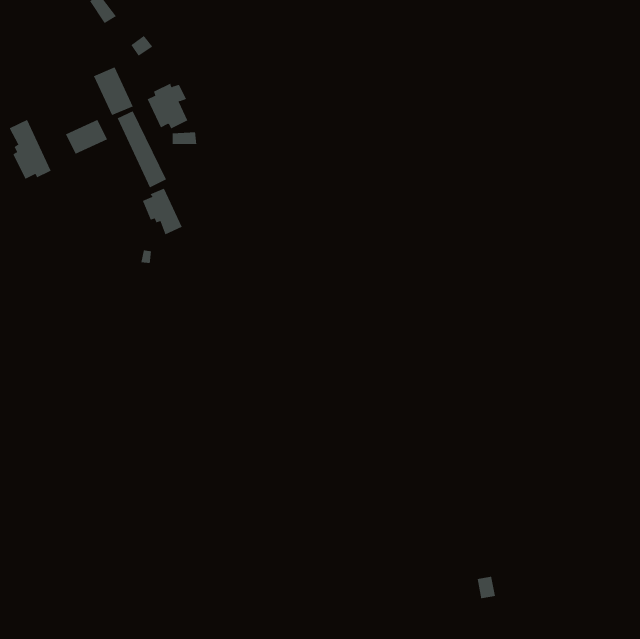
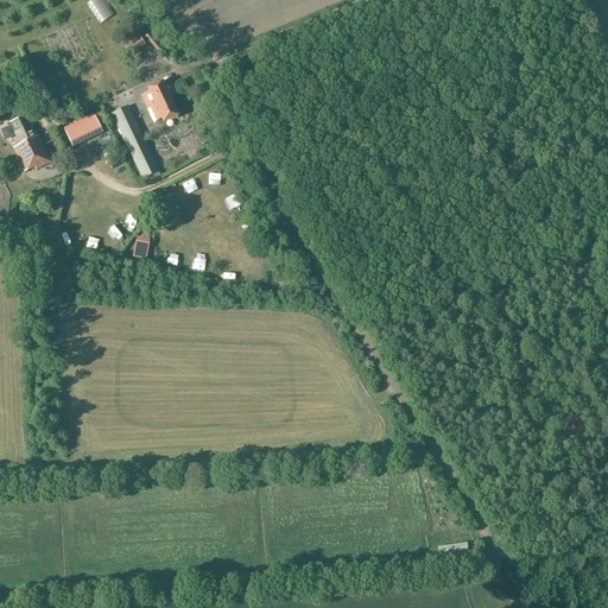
building: [93,67,134,116] -> none
building: [142,188,182,235] -> none

